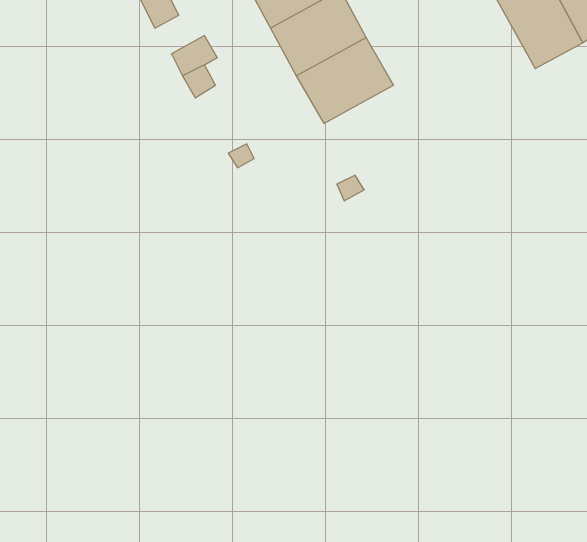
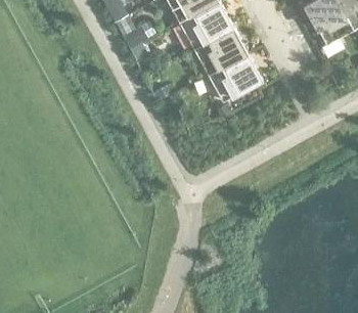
building: none -> [209,54,262,102]

